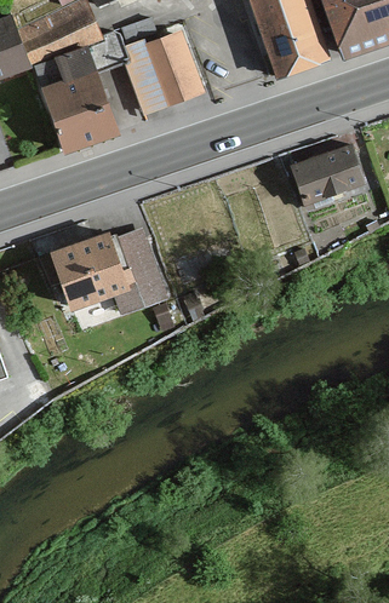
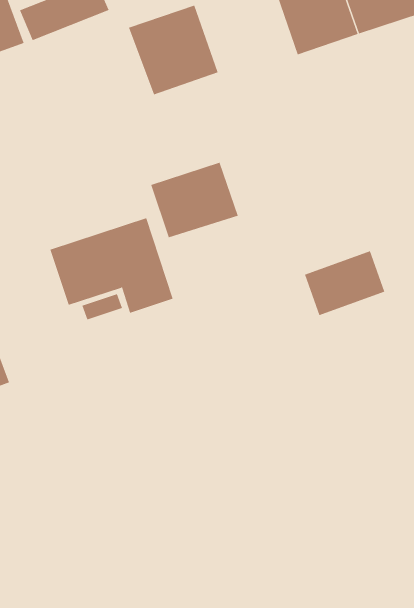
building: [42,45,114,147] -> none
building: [291,144,365,203] -> [304,251,385,316]
building: none -> [150,162,239,238]

